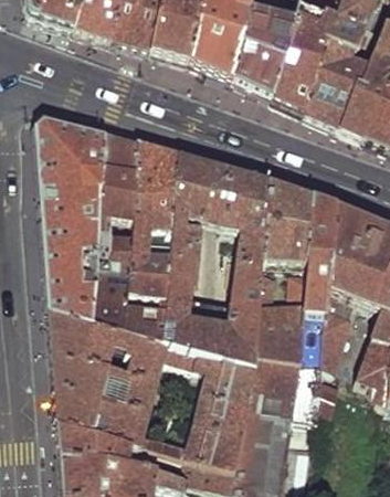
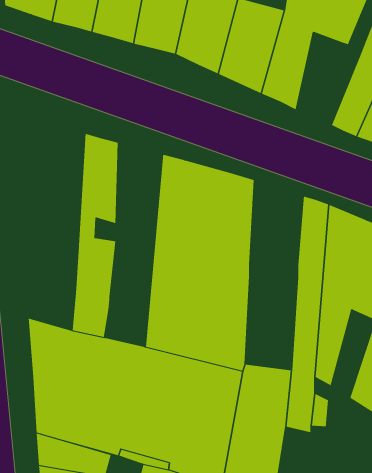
building: [307,36,368,125] -> none
building: [38,114,106,320] -> none
building: [125,141,180,336] -> none
building: [263,177,314,258] -> none
building: [259,268,308,358] -> none

